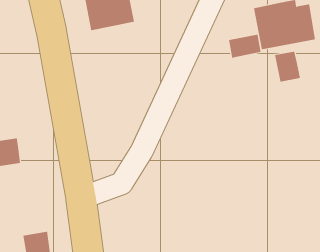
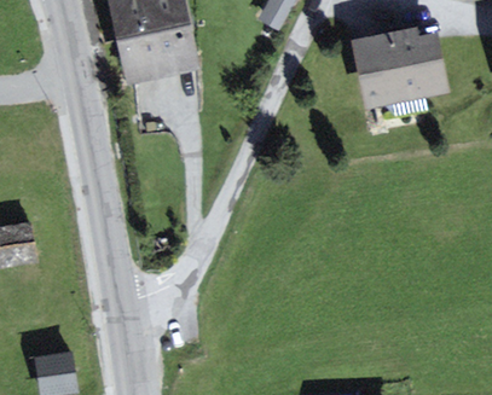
building: [228,34,261,59] -> none
building: [275,51,301,83] -> none

